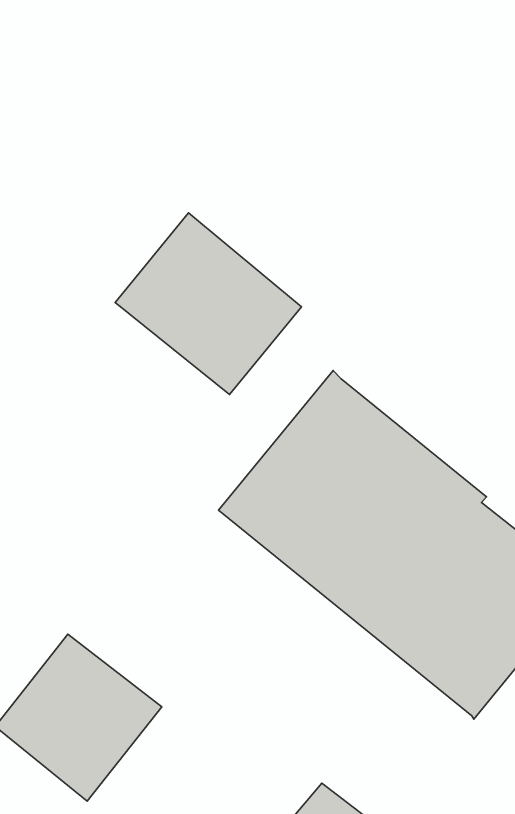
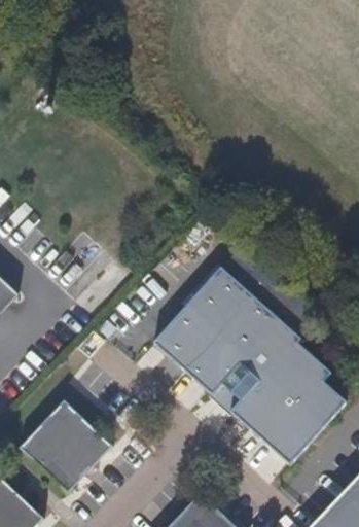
building: [115,213,301,394] -> none

